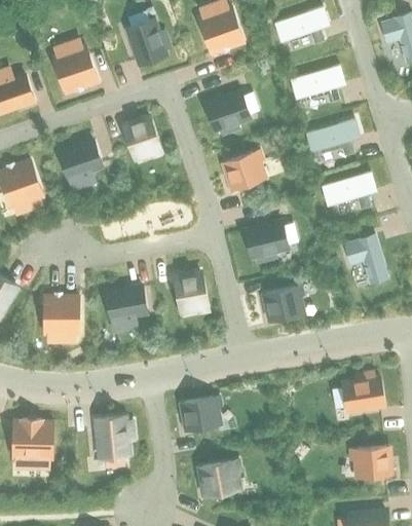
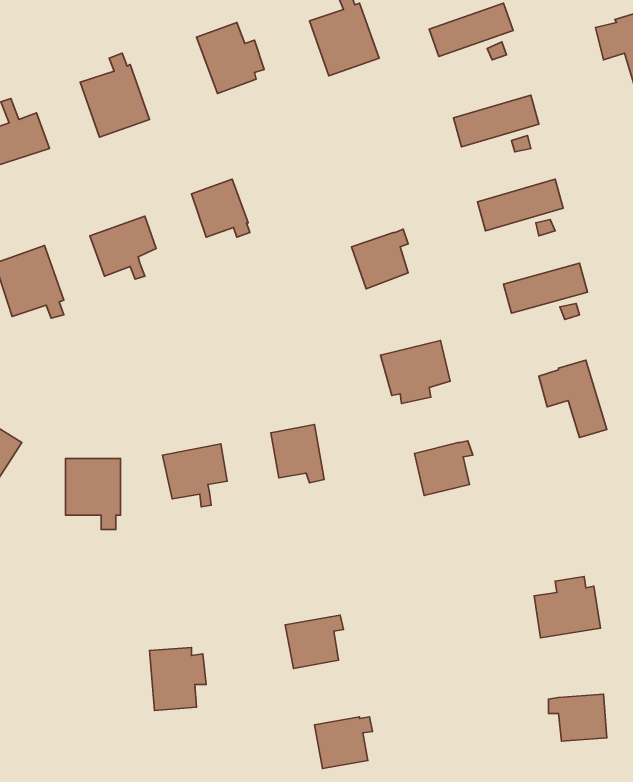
building: [205,92,251,135] -> none
building: [12,419,53,468] -> none

